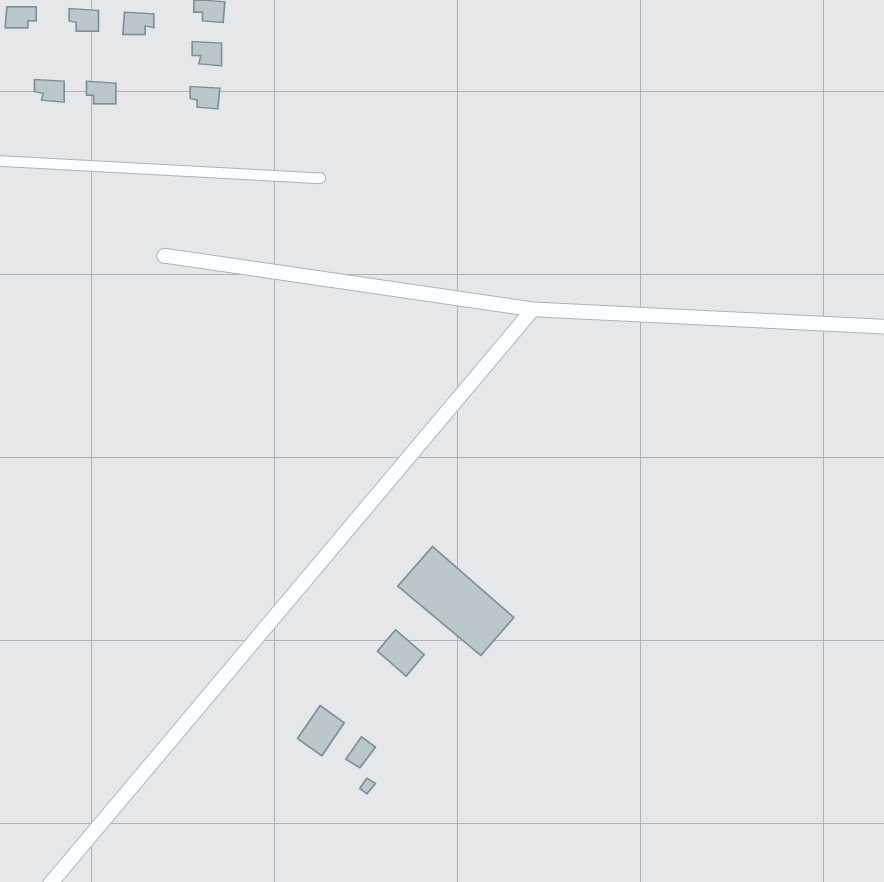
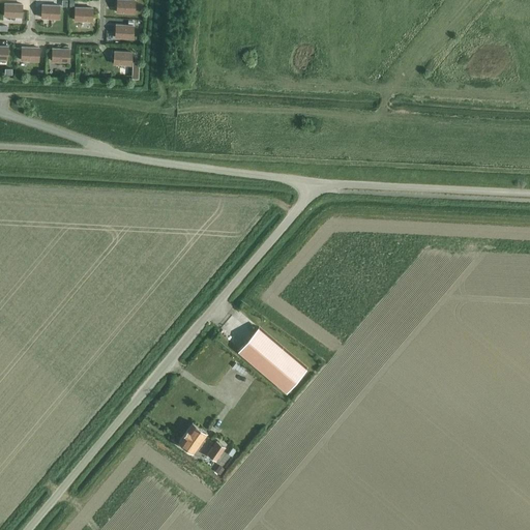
building: [377,630,424,676] -> none

